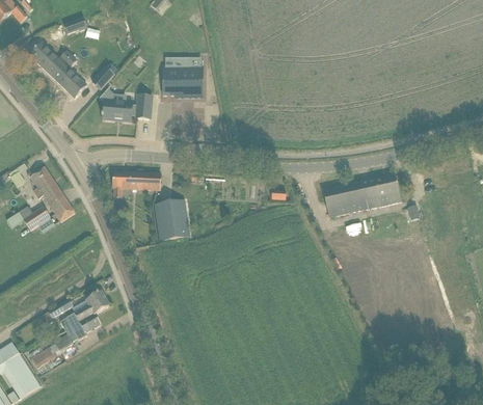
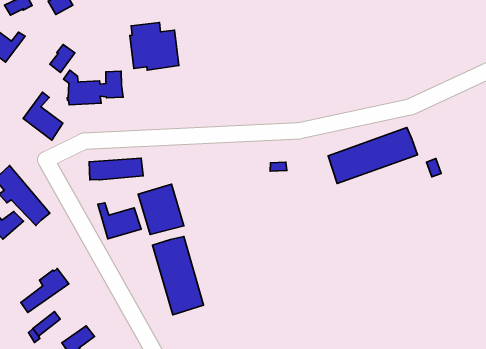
building: [51,55,85,98] -> [23,92,63,140]
building: none -> [98,203,141,239]
building: none -> [153,236,204,315]
building: [65,291,109,326] -> [21,268,69,313]

